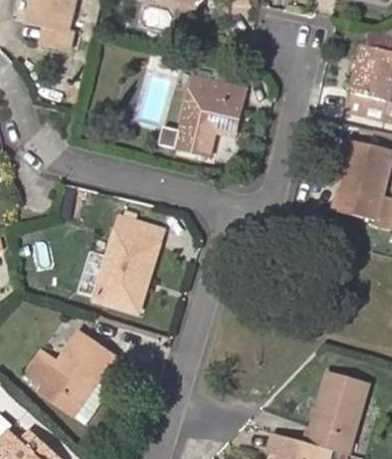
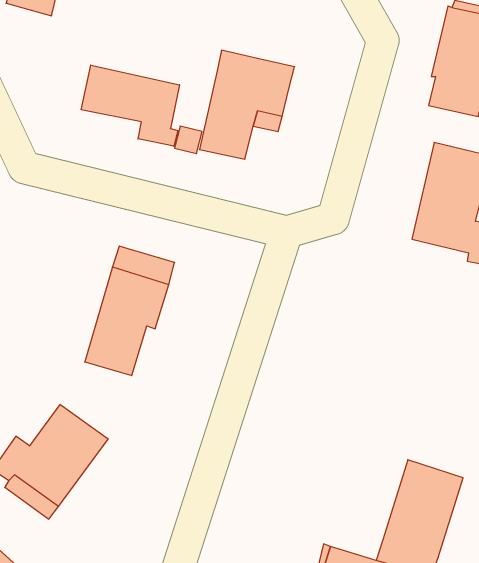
building: none -> [81,65,179,146]

